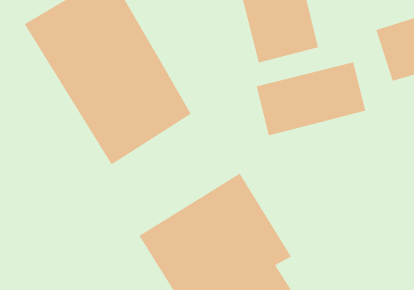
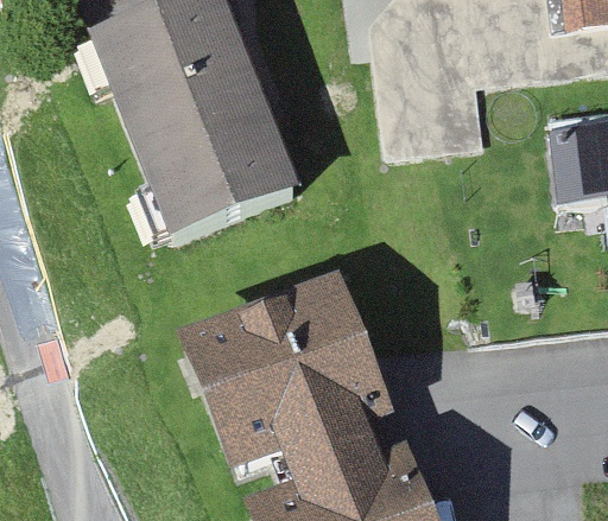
building: [256,61,366,136] -> none

